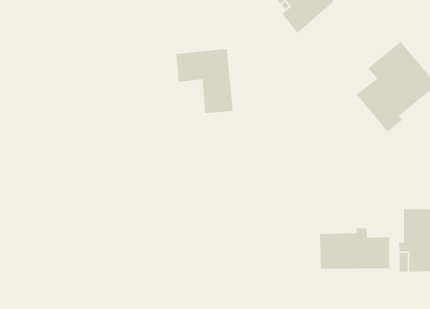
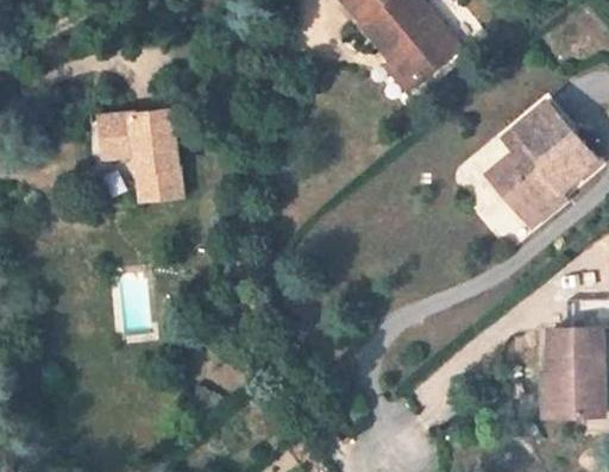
building: [176,48,234,114] -> [101,111,180,200]
building: [319,227,390,270] -> none

